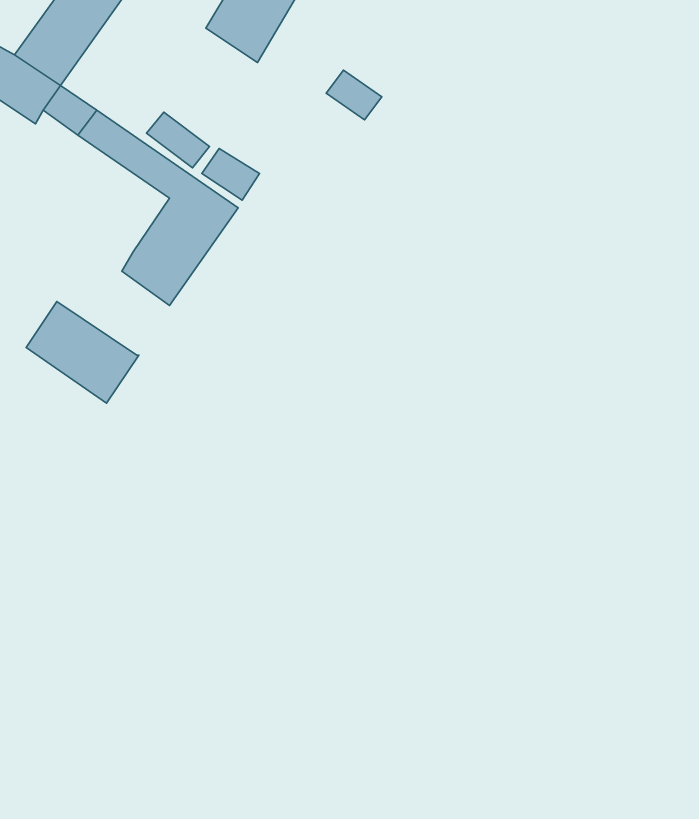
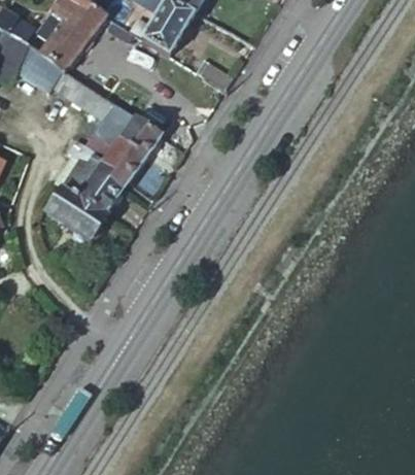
building: none -> [60,138,120,215]

